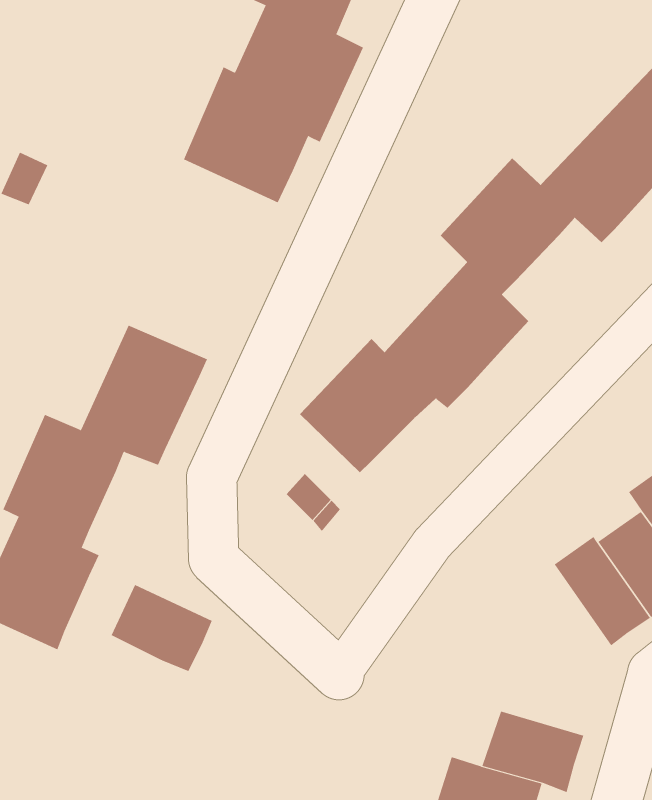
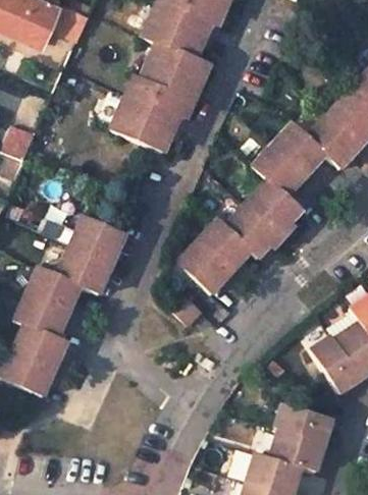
building: [111,584,213,672] -> none
building: none -> [274,401,332,440]

